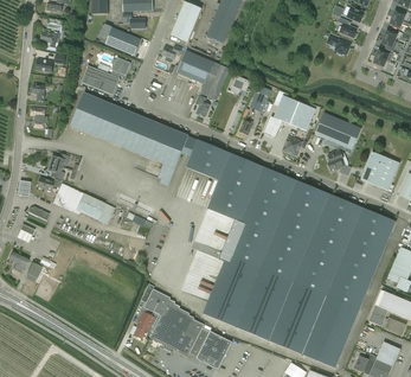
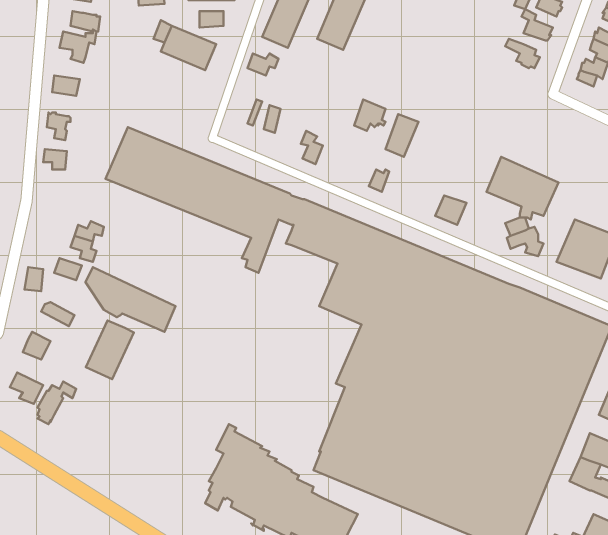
building: [176,50,230,100] -> none
building: [82,57,130,95] -> none
building: [264,90,316,136] -> none
building: none -> [86,321,134,379]

